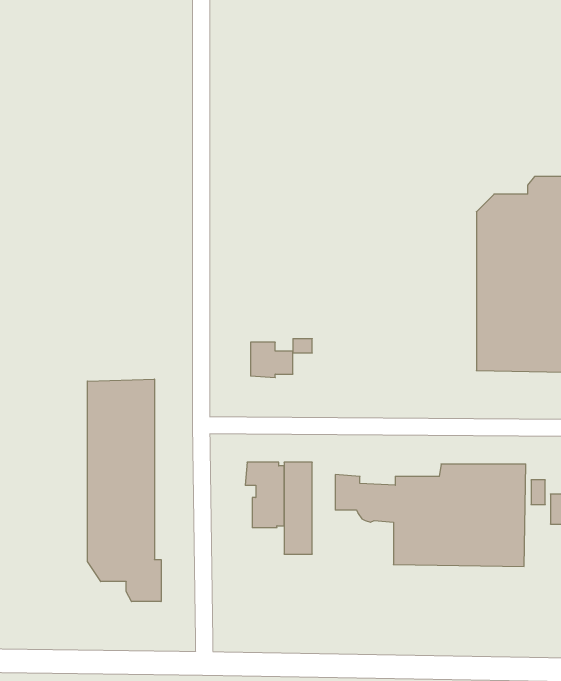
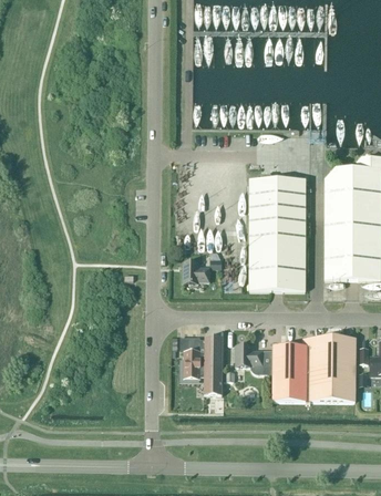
building: none -> [249,175,306,290]
building: [87,379,161,602] -> none

